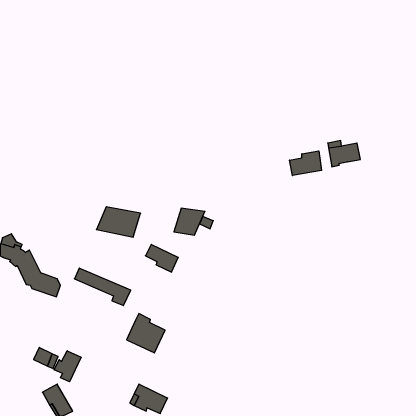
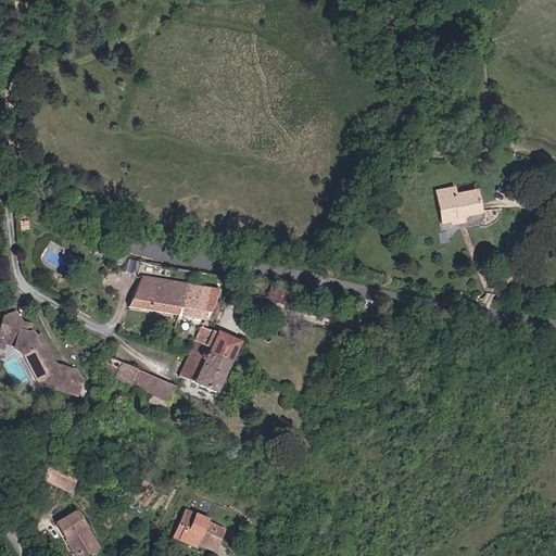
building: [290,151,322,176] -> none
building: [174,208,205,235] -> [179,283,220,319]
building: [127,314,165,353] -> [179,340,230,392]
building: [54,351,81,382] -> none

